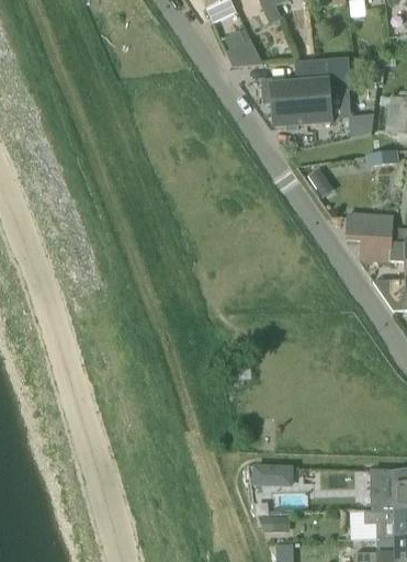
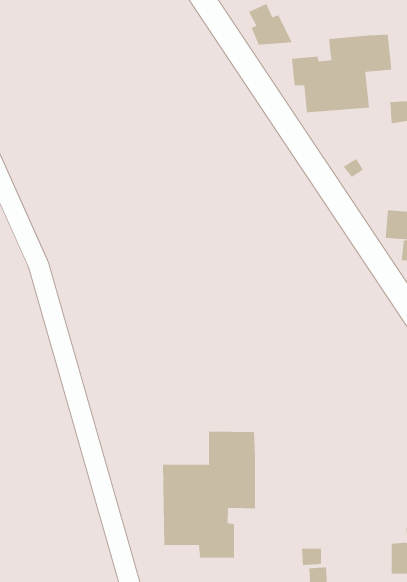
building: none -> [163,431,255,558]
building: [253,464,294,484] -> none

